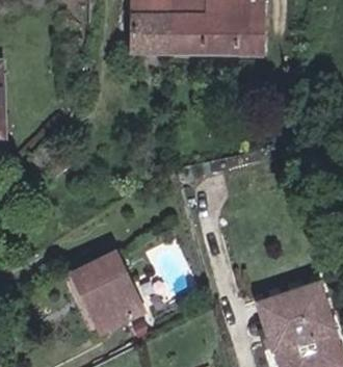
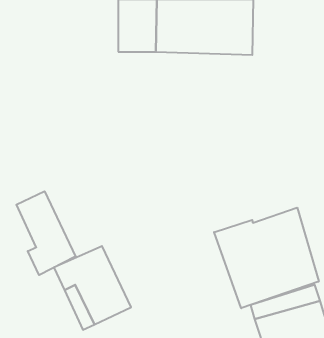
building: none -> [16,191,75,275]
building: none -> [214,208,319,308]

